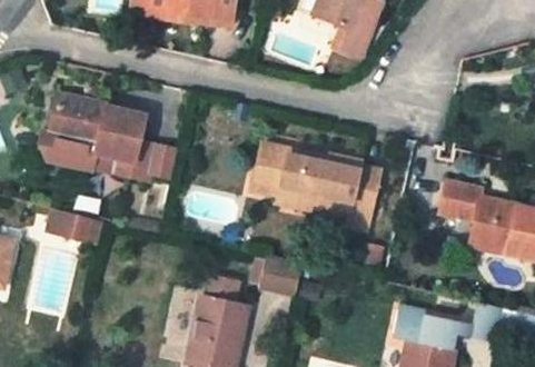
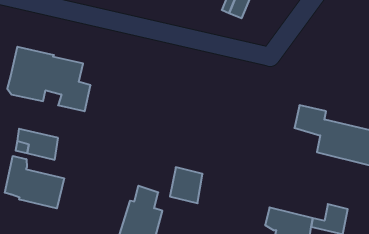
building: [252,148,382,232] -> none
building: none -> [5,156,64,208]

